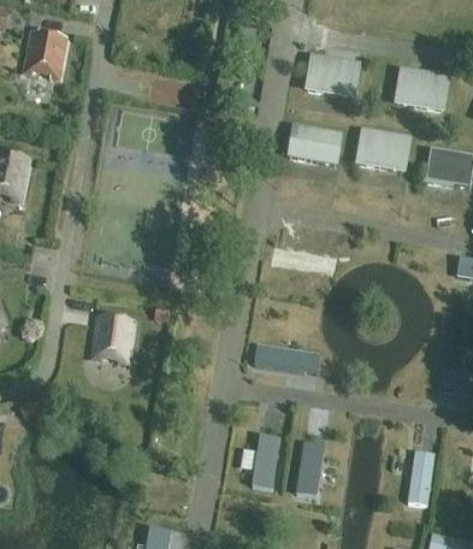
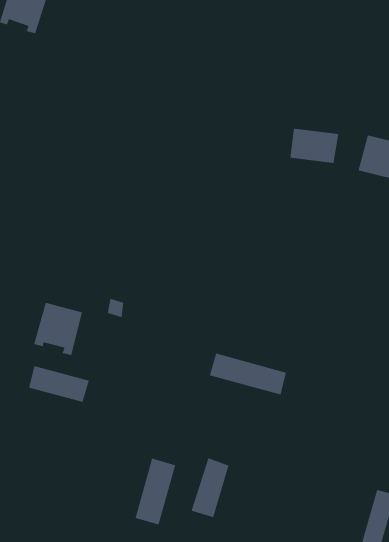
building: [306,57,356,95] -> none
building: none -> [28,365,90,403]
building: [294,441,325,501] -> [135,458,176,526]

